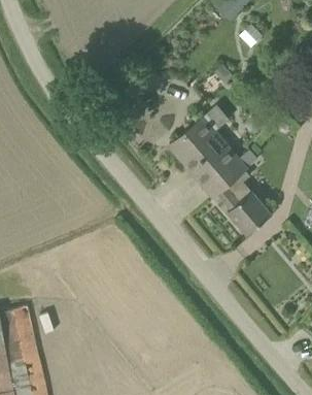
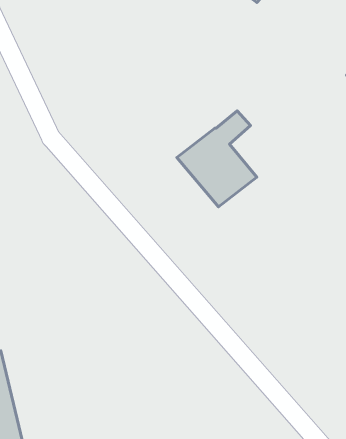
building: [204,162,271,235] -> none

